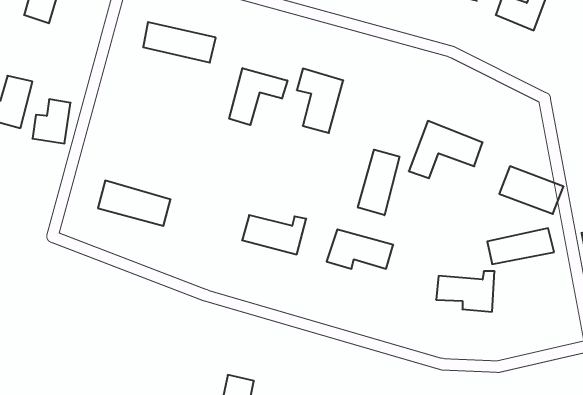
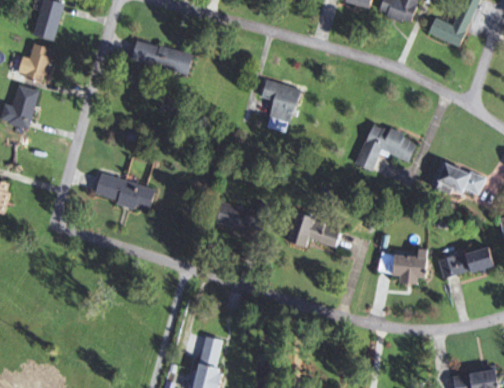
building: [229,68,287,125] -> none
building: [32,99,71,143] -> [18,44,50,81]
building: [358,150,399,215] -> none
building: [487,228,554,264] -> [438,248,494,278]

